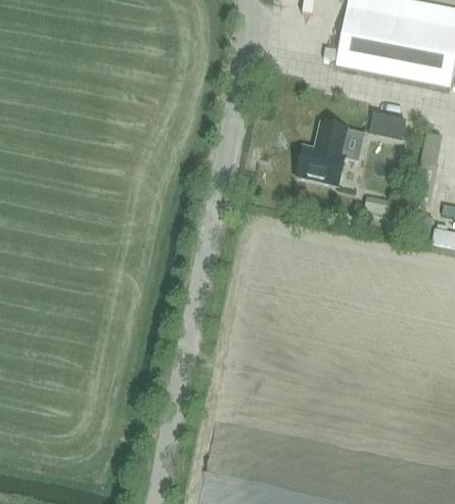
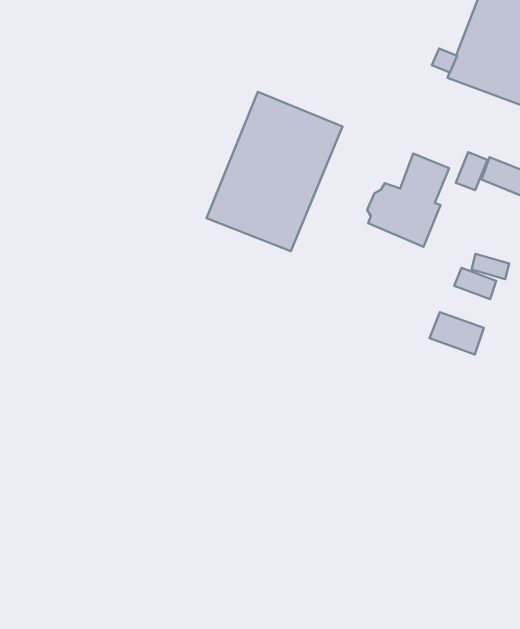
building: none -> [206,92,343,251]
building: none -> [430,312,484,354]

